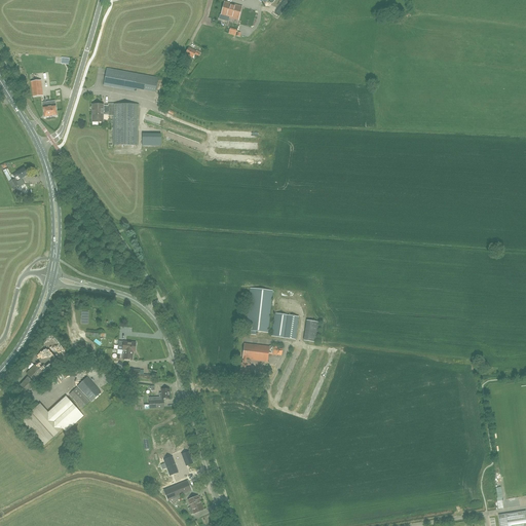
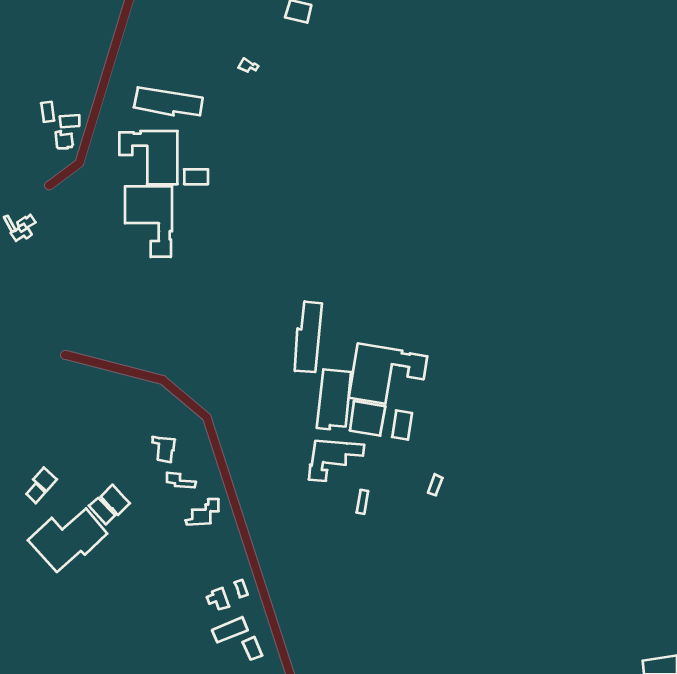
building: none -> [125,186,172,257]
building: none -> [295,301,322,372]
building: none -> [349,343,427,404]

